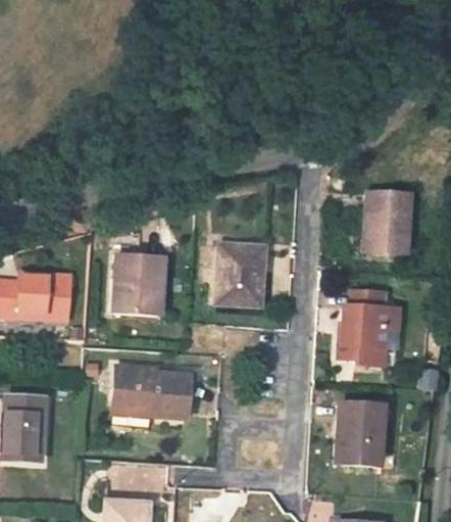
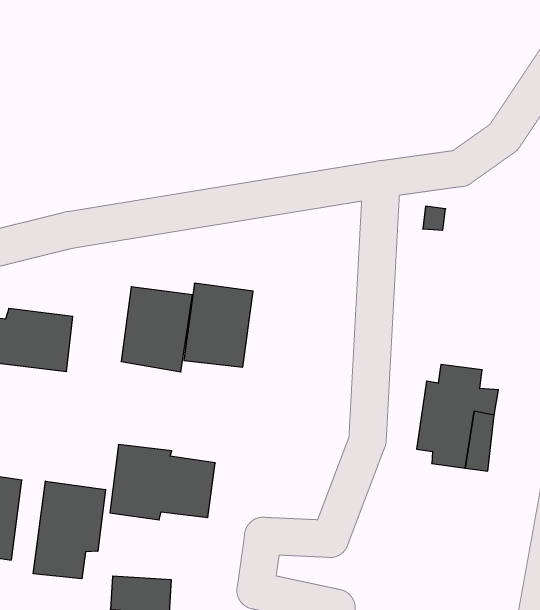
building: [364,191,410,251] -> none
building: [215,241,264,302] -> [184,283,253,367]
building: none -> [33,481,105,579]
building: [334,406,384,466] -> none

